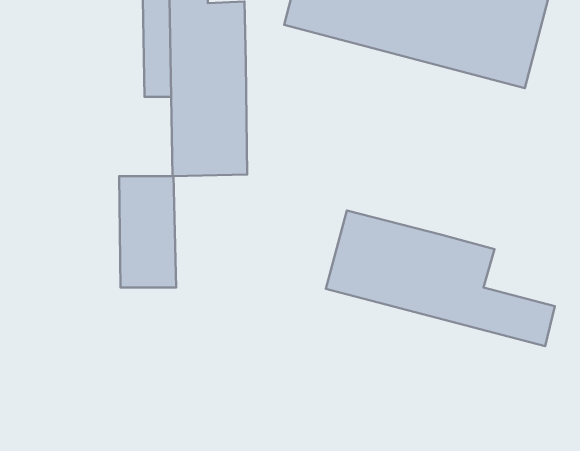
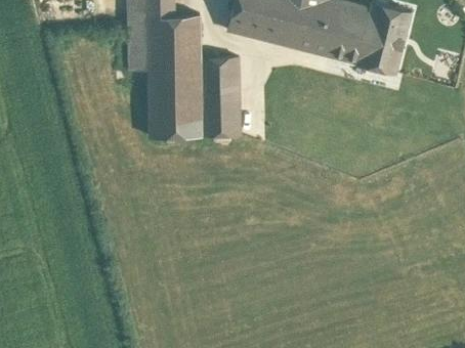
building: [119,176,176,287] -> [201,56,241,134]
building: [326,210,555,346] -> none

